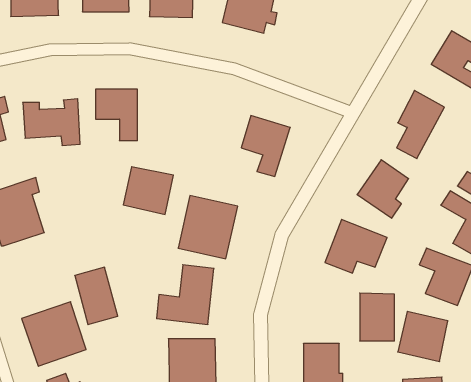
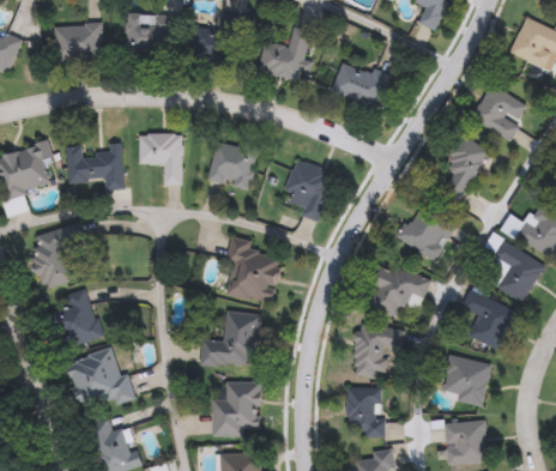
building: none -> [331,62,387,107]
building: [123,167,173,214] -> [206,141,256,189]
building: [75,267,118,325] -> [56,288,99,345]
building: [360,293,394,341] -> [355,328,389,376]

